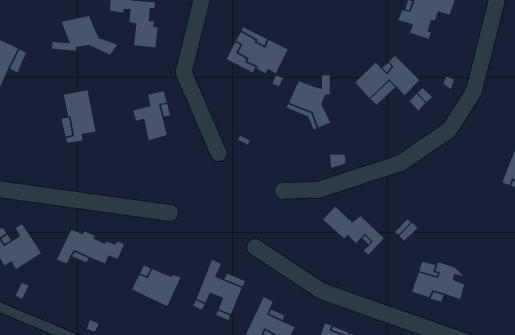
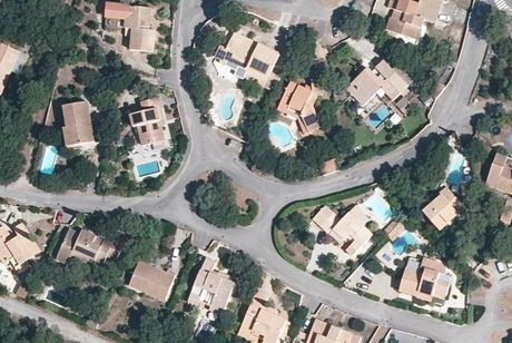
building: [51,15,119,56] -> none
building: none -> [422,185,465,228]

